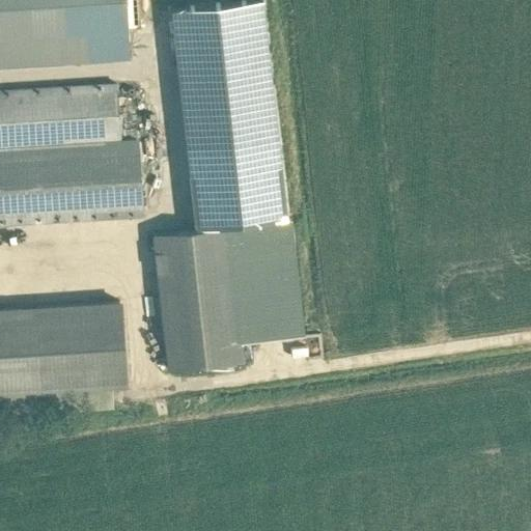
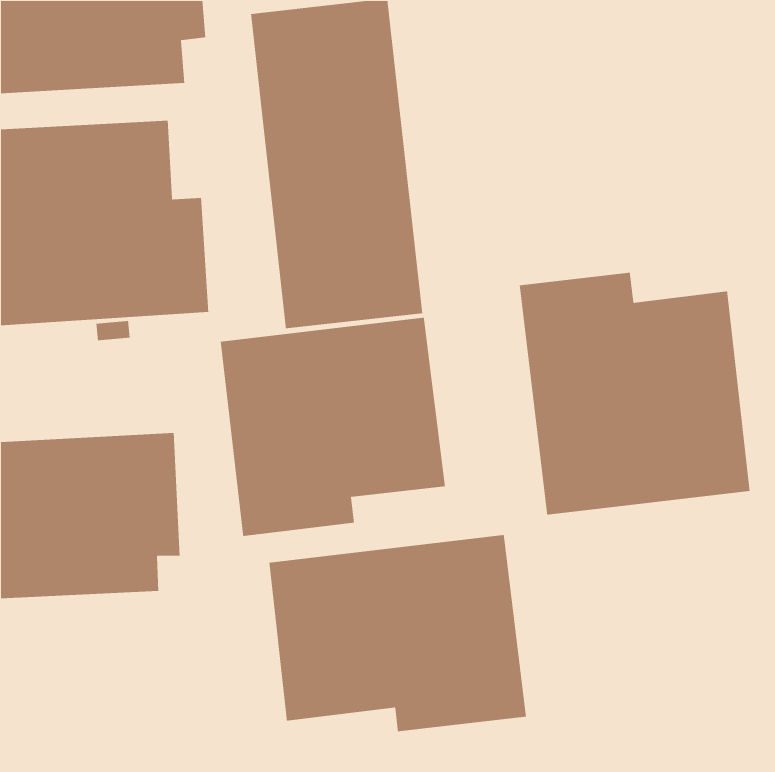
building: none -> [519,272,750,516]
building: none -> [269,534,527,732]

